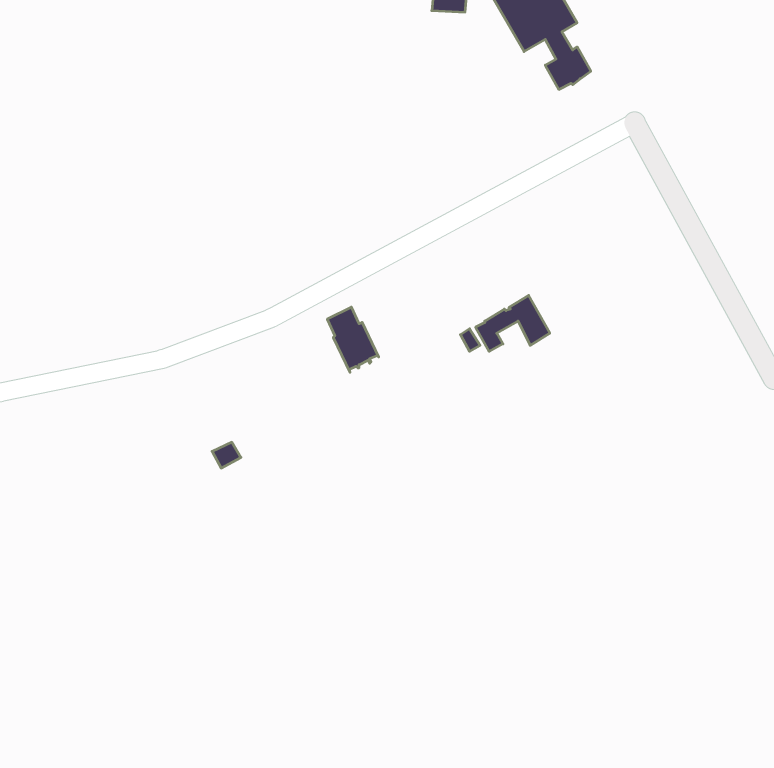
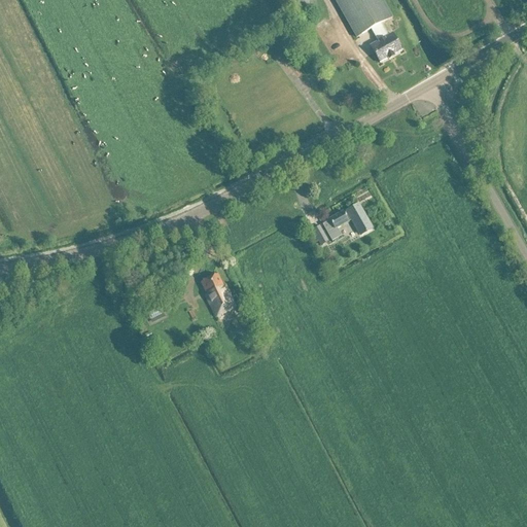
building: [327,307,379,372] -> [202,273,237,317]

